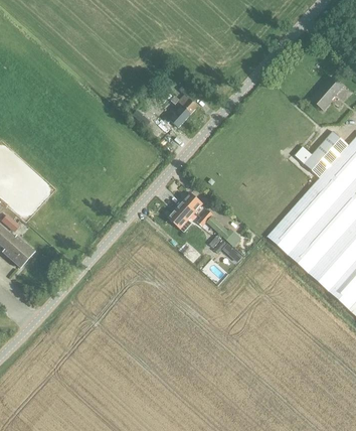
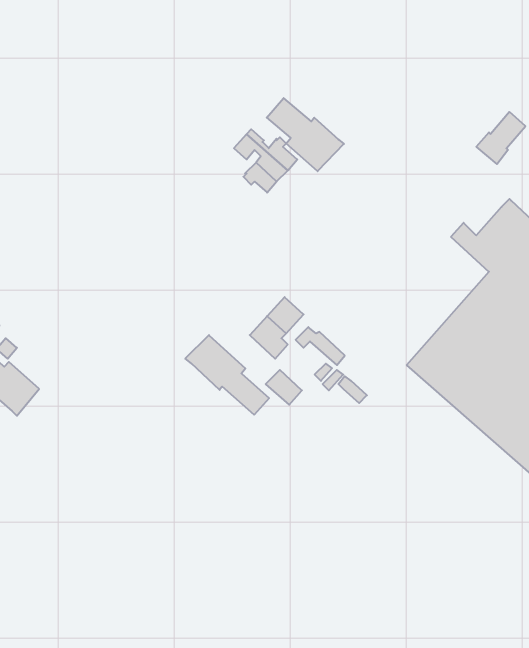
building: none -> [267,98,344,171]
building: none -> [185,335,269,415]

